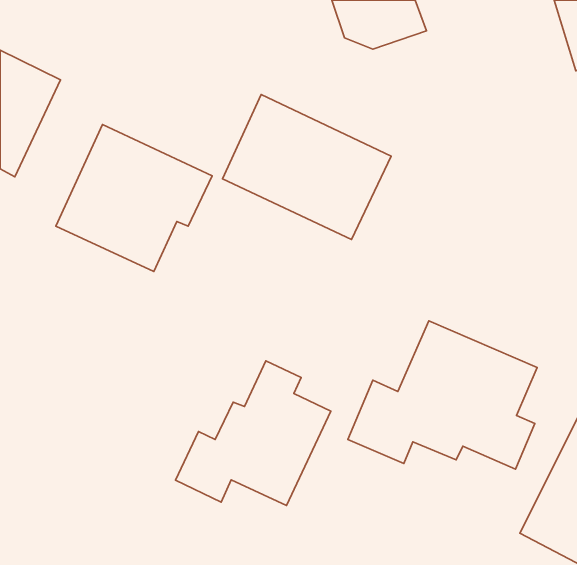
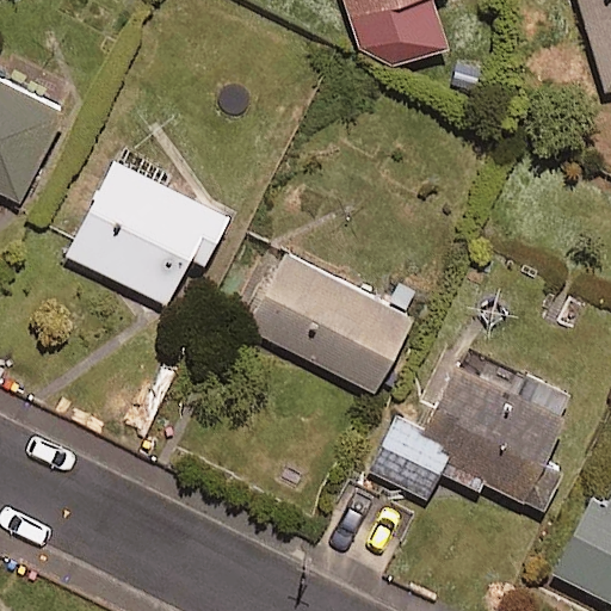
building: [223,94,391,239] -> [241,241,418,393]
building: [176,361,331,506] -> none

